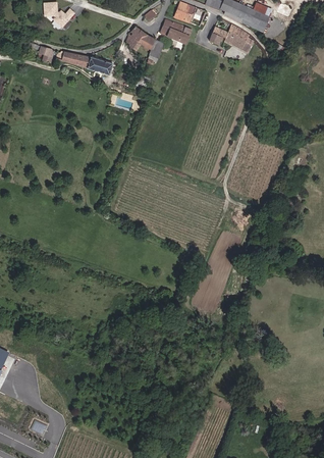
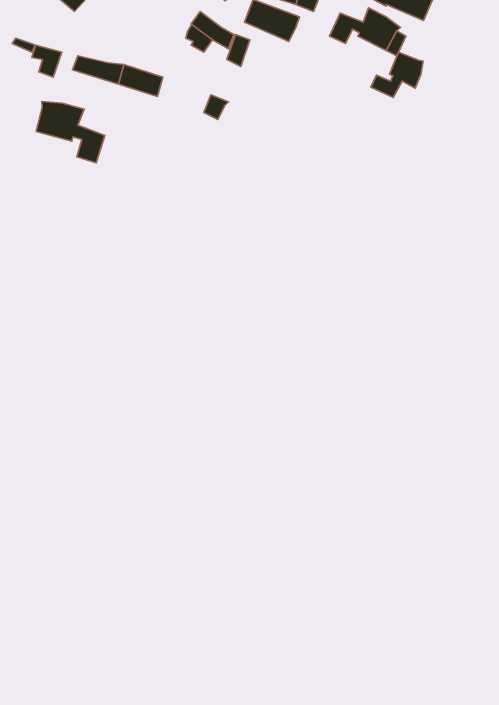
building: none -> [371,52,423,97]
building: none -> [36,101,105,163]

